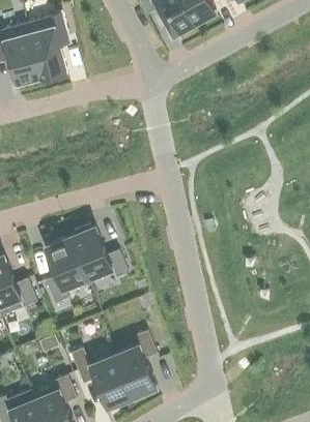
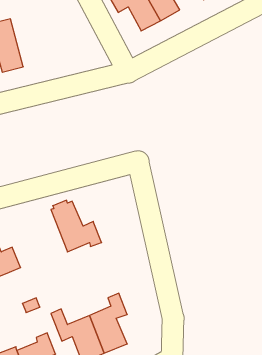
building: [25,13,67,77] -> none
building: [45,237,89,304] -> none

